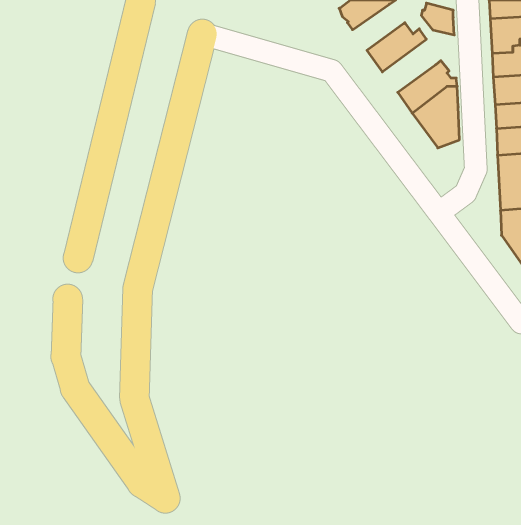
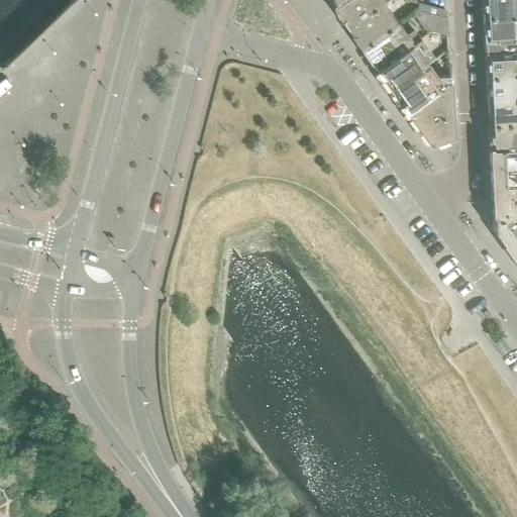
building: none -> [350,4,401,49]
building: none -> [380,38,432,91]

